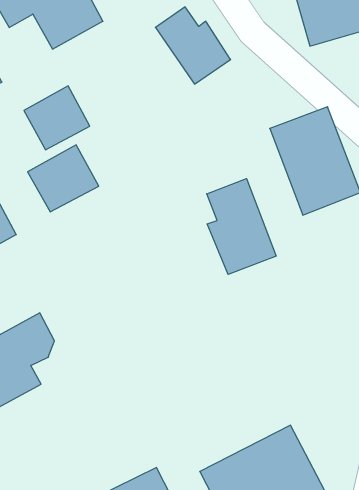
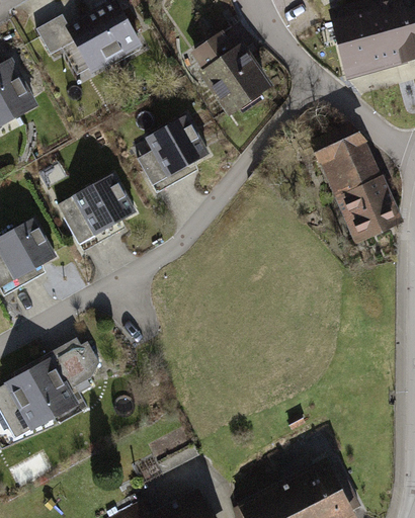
building: [24,86,90,150] -> [143,116,208,179]
building: [207,179,276,274] -> none

